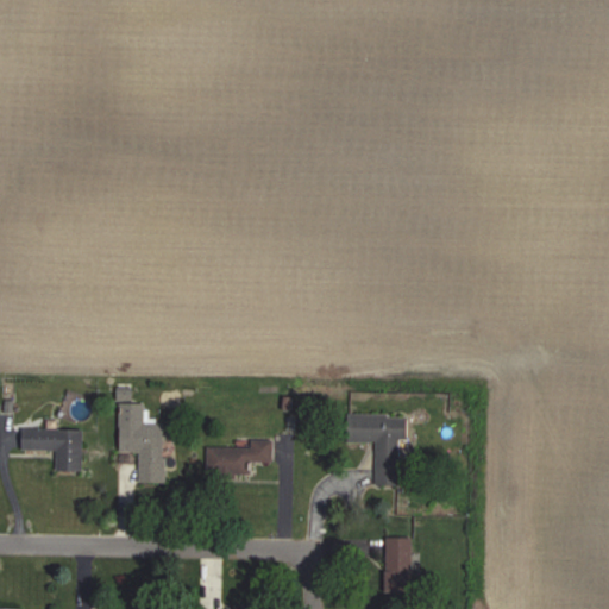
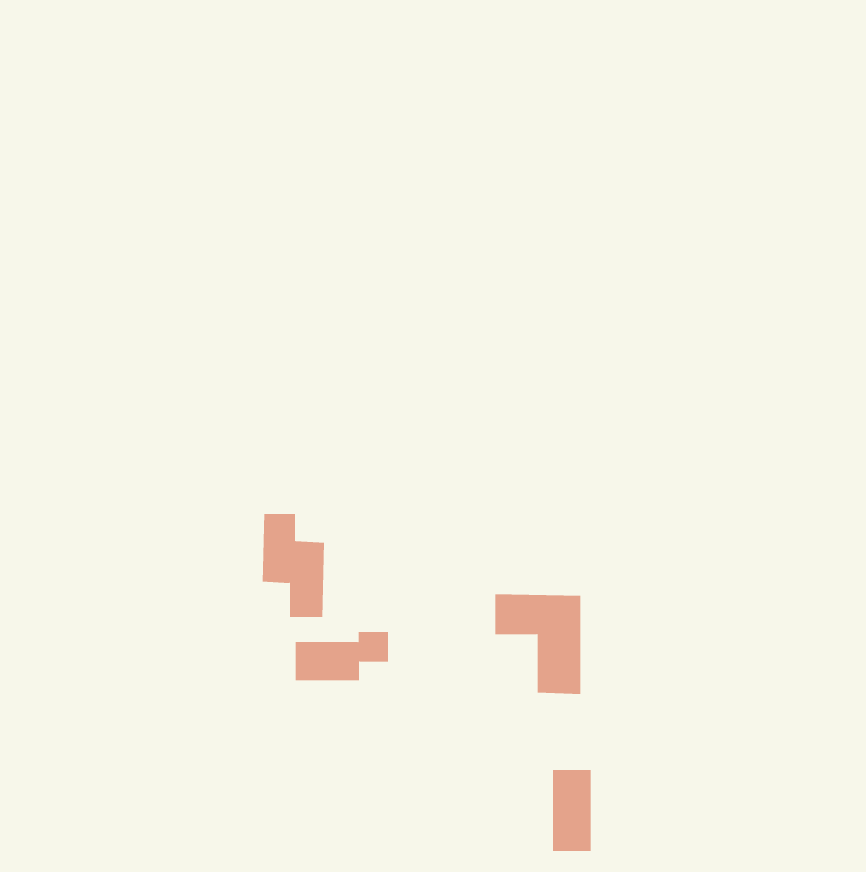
building: [119,404,163,477] -> [262,513,325,618]
building: [21,429,82,472] -> none

